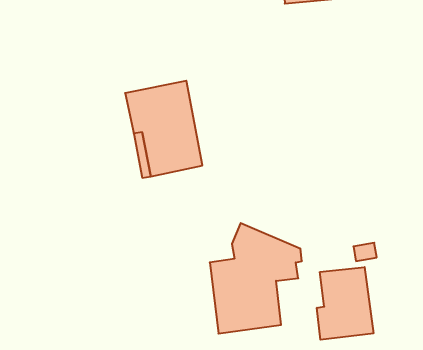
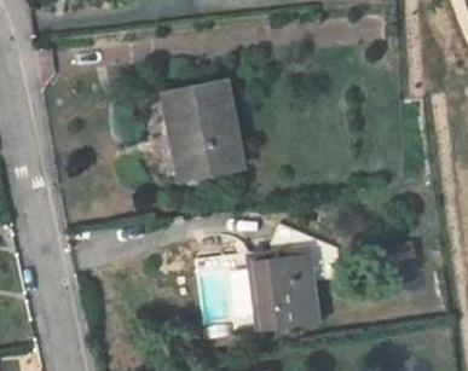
building: [317,267,373,340] -> none

